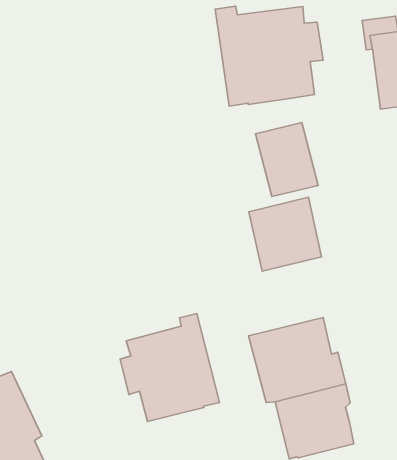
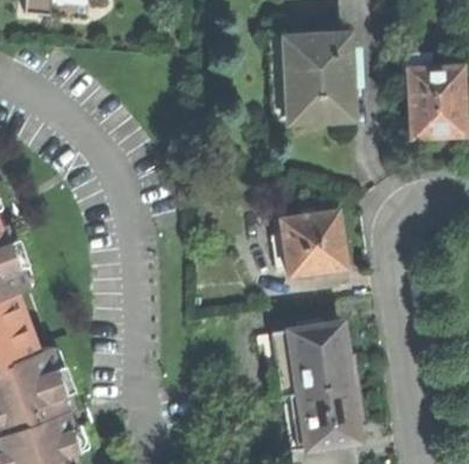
building: [256,123,318,197] -> none
building: [120,314,220,421] -> none

